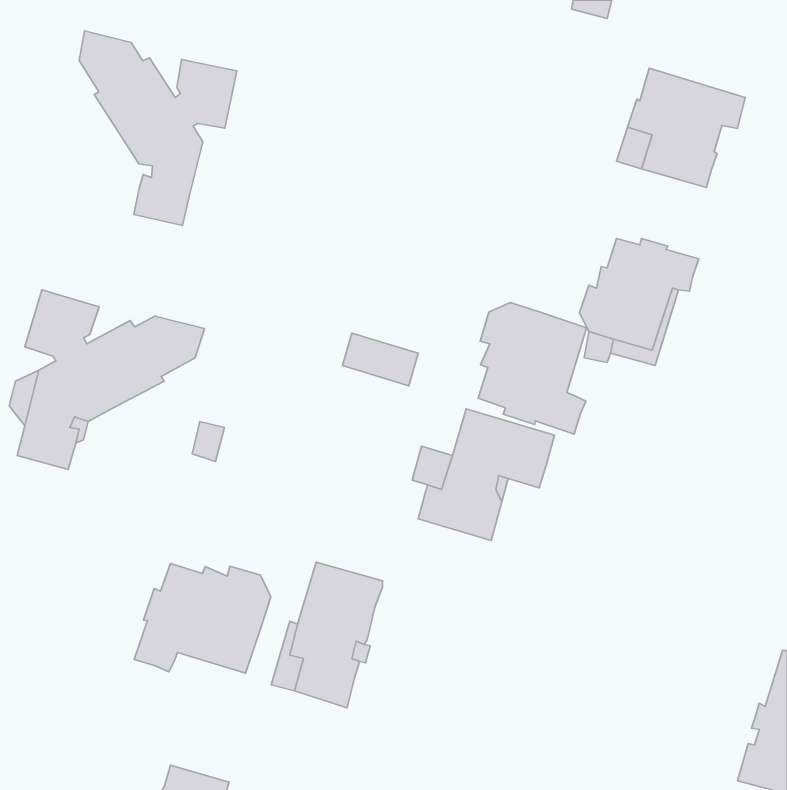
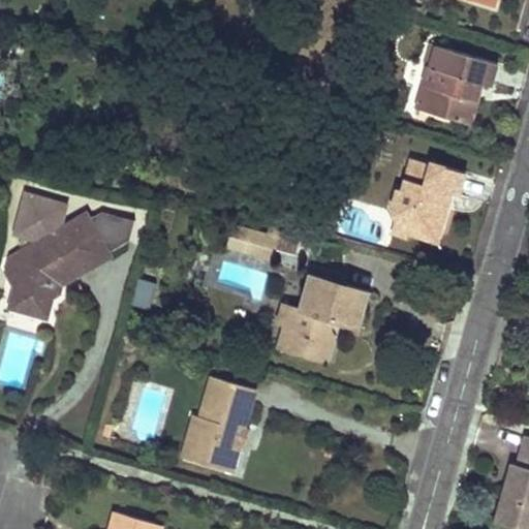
building: [79,31,237,225] -> none
building: [478,303,587,434] -> none
building: [134,564,271,673] -> none

